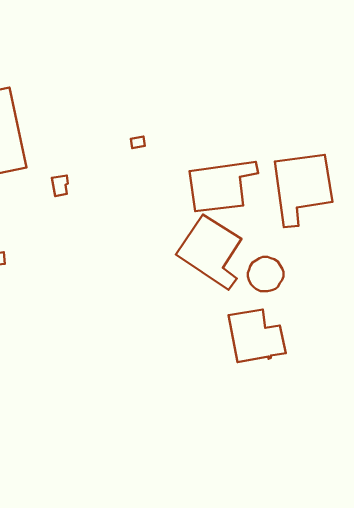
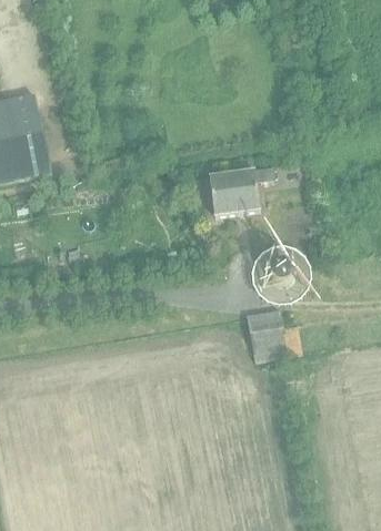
building: [275,155,333,227] -> none
building: [176,214,242,290] -> none

